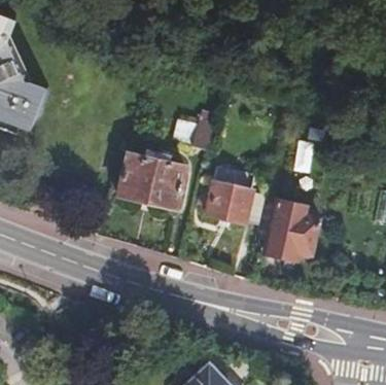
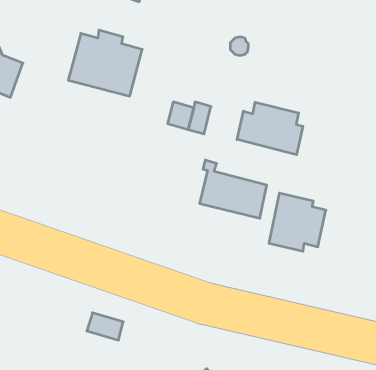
building: none -> [237,102,303,155]
building: [118,148,185,208] -> [68,30,142,96]

